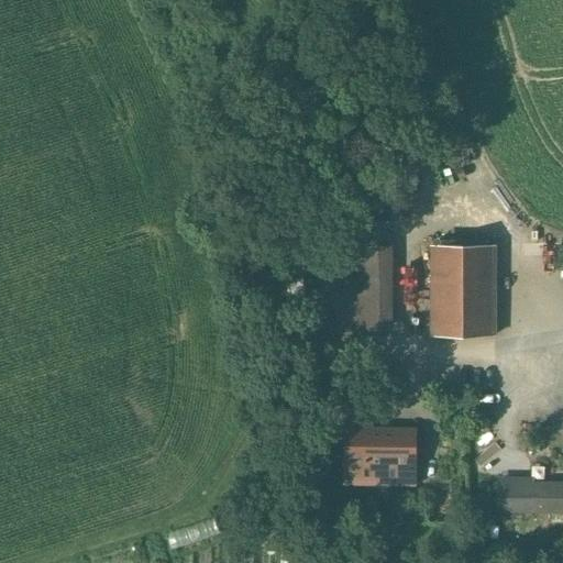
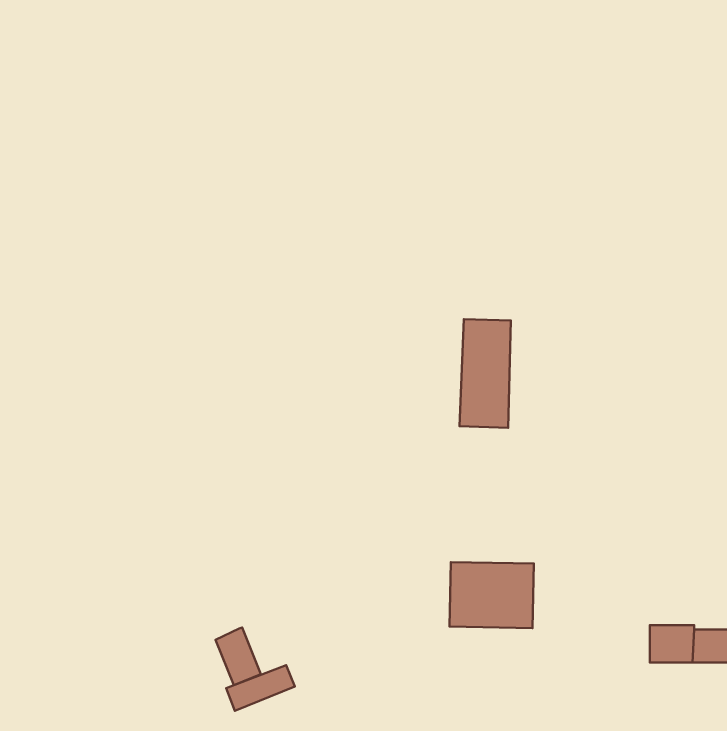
building: [432,245,495,336] -> none
building: none -> [216,627,261,685]

